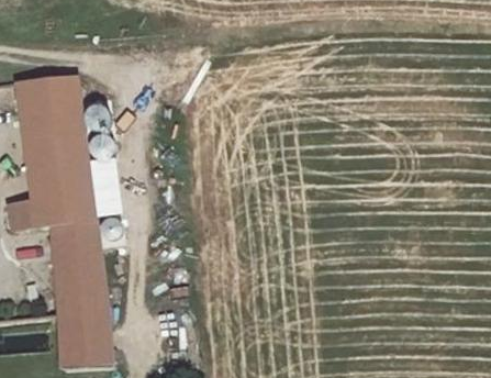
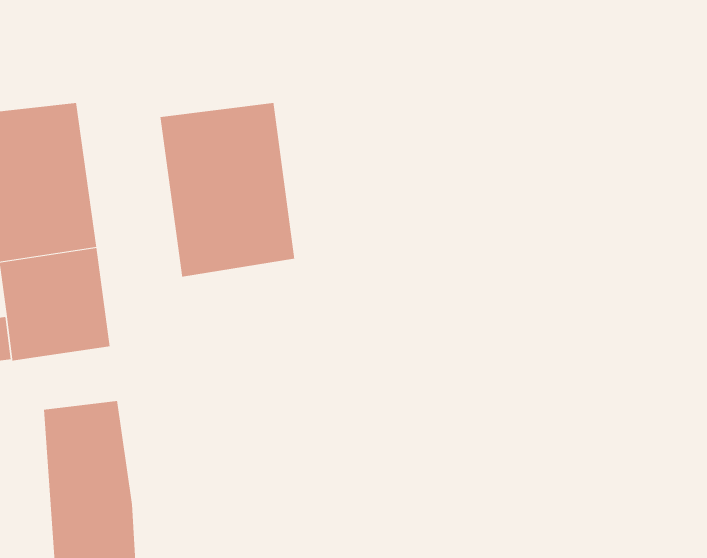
building: none -> [160,102,295,277]
building: [51,219,99,256] -> none

